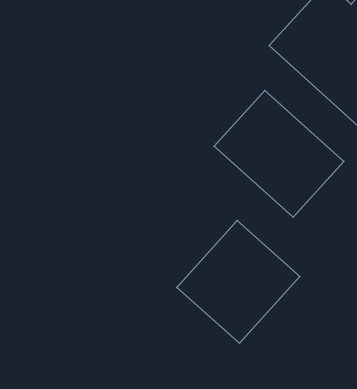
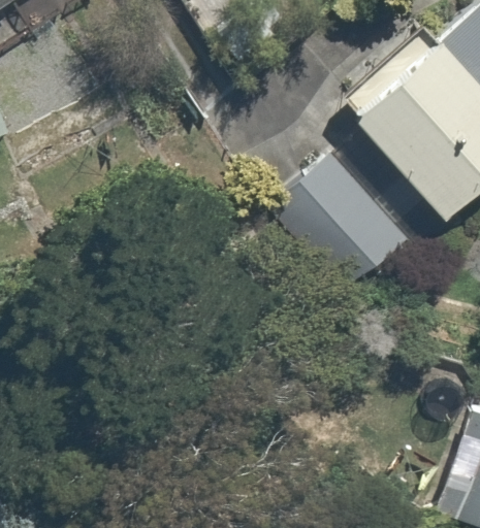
building: [177,221,300,343] -> none

